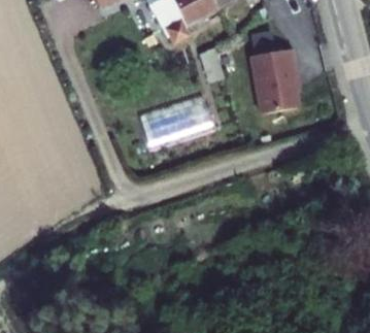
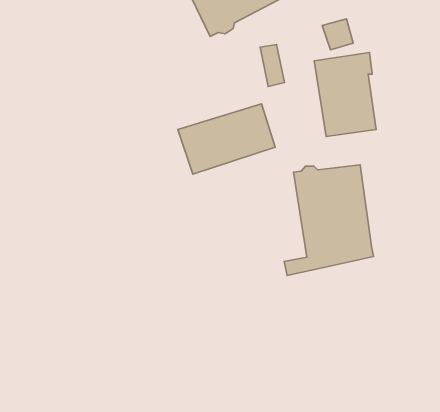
building: none -> [284,165,373,276]

